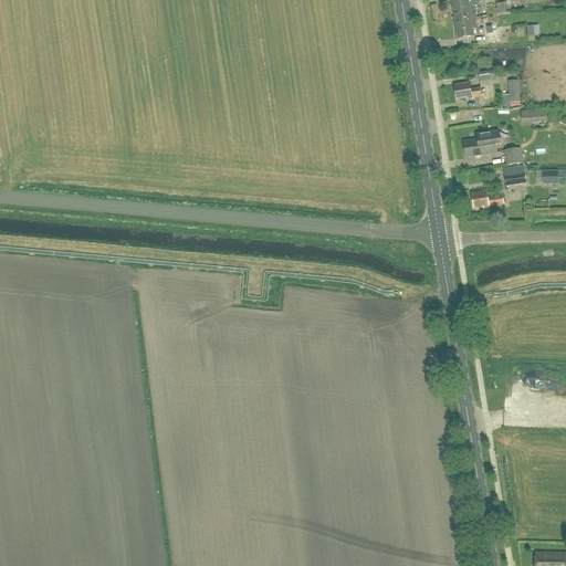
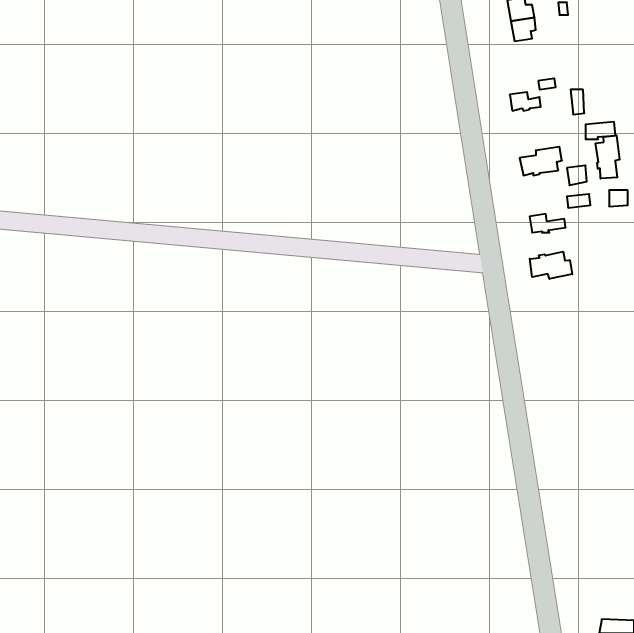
building: none -> [596,135,620,179]
building: none -> [530,252,572,279]

